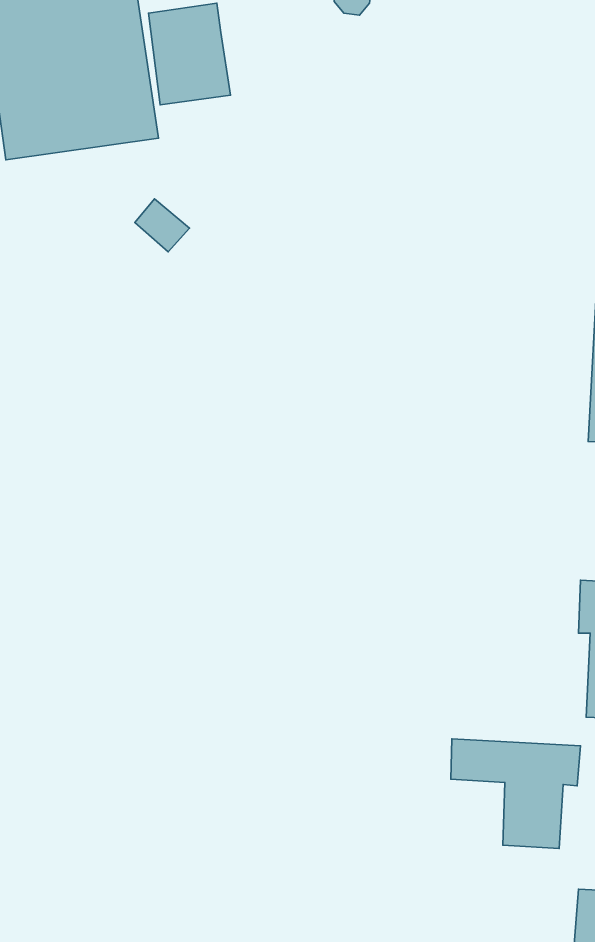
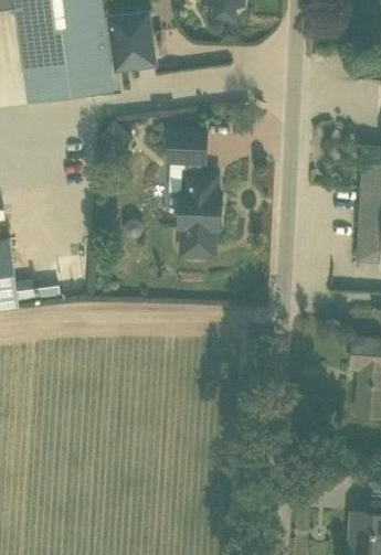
building: none -> [170,128,222,256]
building: [451,739,581,849] -> none

